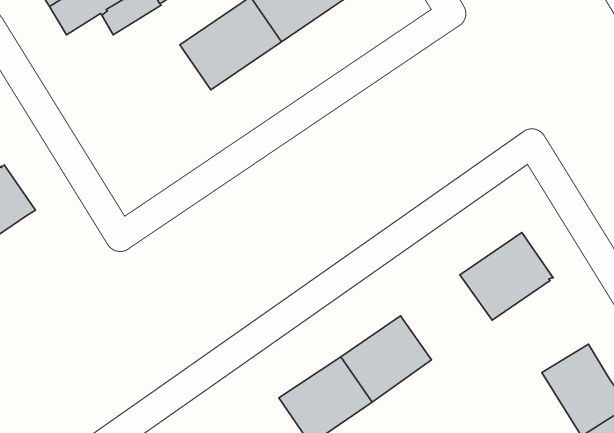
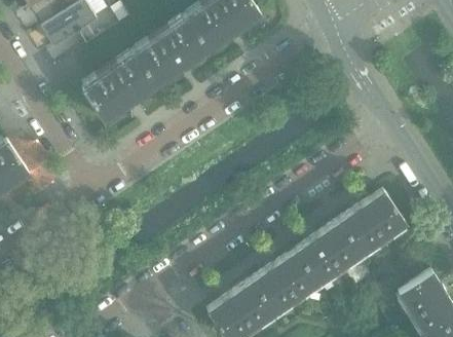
building: none -> [81,53,156,122]
building: none -> [294,221,361,283]

